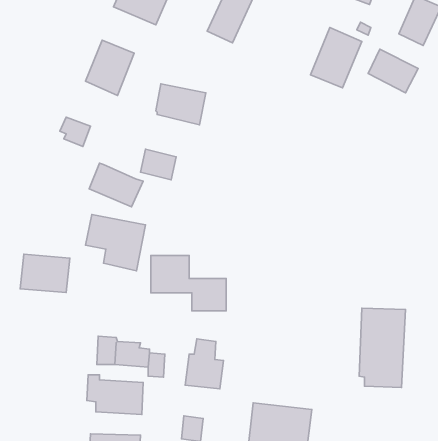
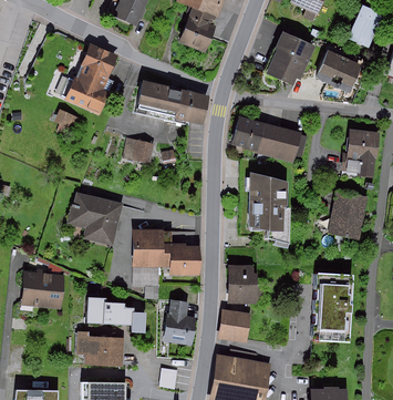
building: none -> [173,88,208,125]
building: none -> [234,120,300,158]
building: none -> [347,131,375,170]
building: [89,163,143,207] -> [63,76,110,114]
building: none -> [248,173,288,243]
building: none -> [331,192,366,235]
building: [20,254,70,293] -> [21,271,64,305]
building: none -> [227,266,257,304]
building: none -> [217,310,252,339]

